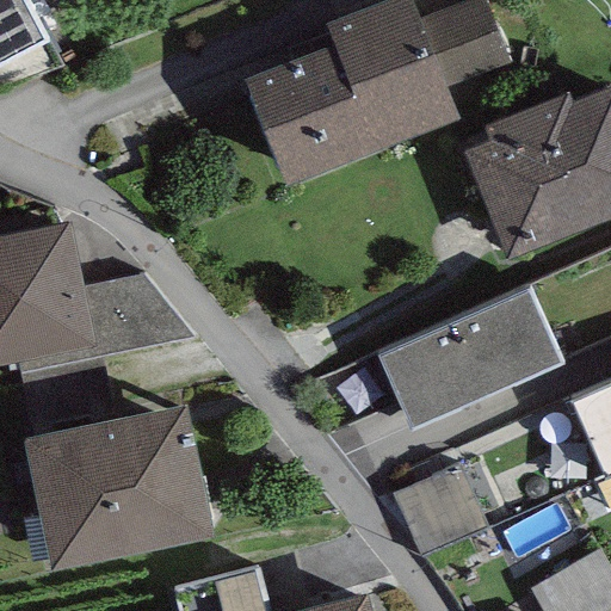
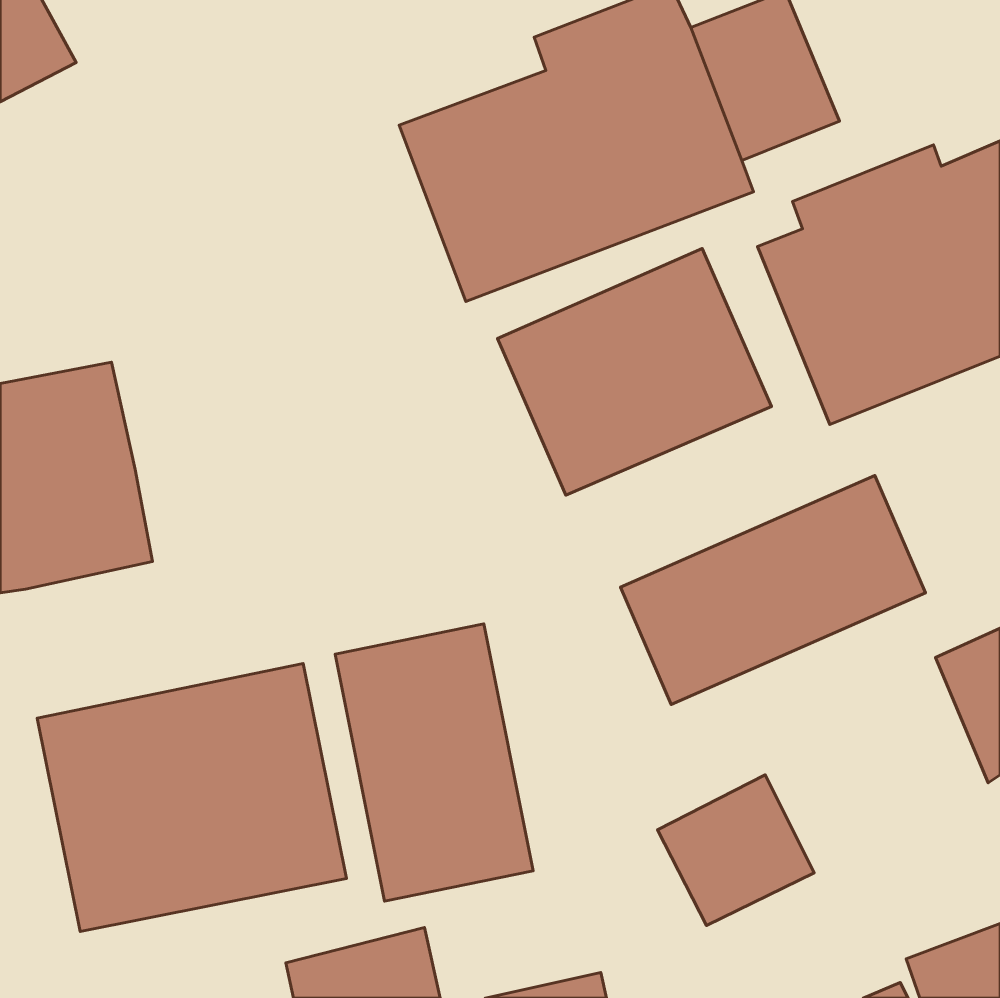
building: none -> [498,249,771,495]
building: [16,273,193,372] -> none
building: none -> [335,624,533,901]

